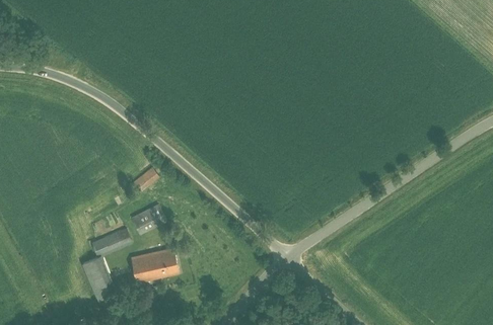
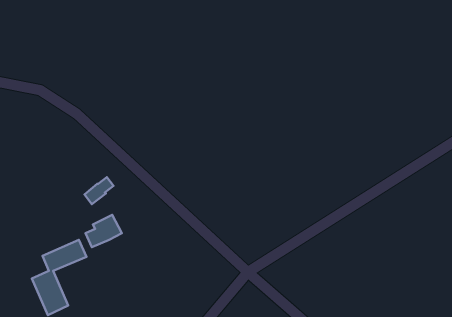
building: [131,248,179,281] -> none

